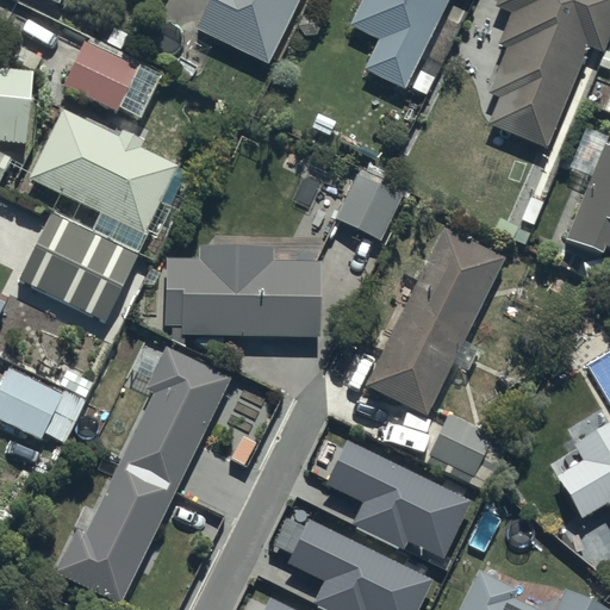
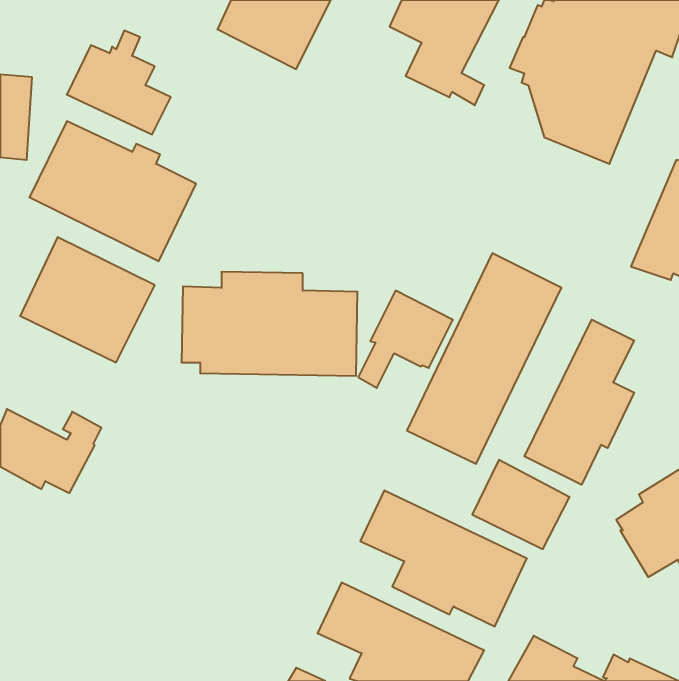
building: [324,172,409,259] -> [358,291,453,388]
building: none -> [525,320,634,485]
building: [48,343,232,604] -> none

